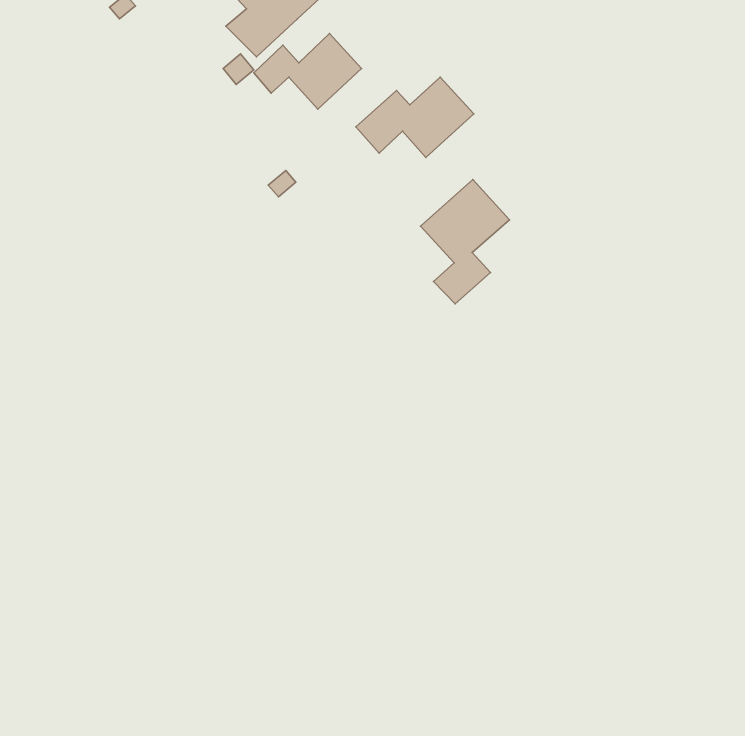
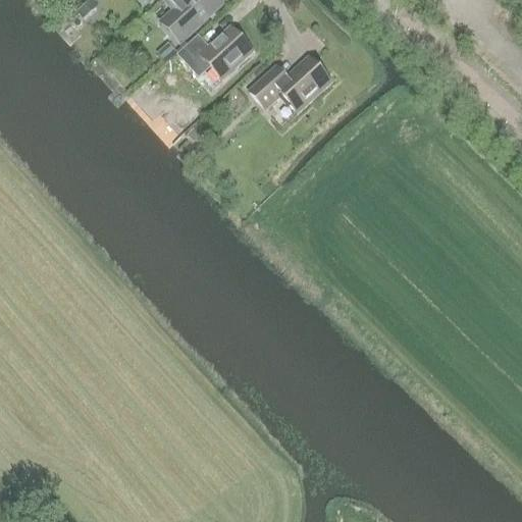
building: [420,180,509,304] -> none

